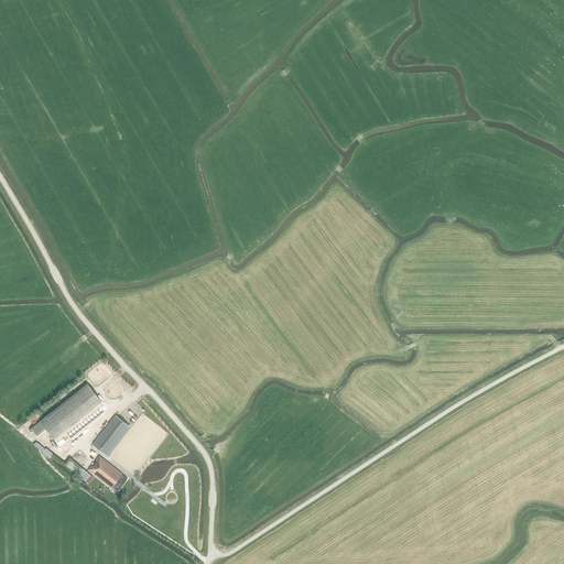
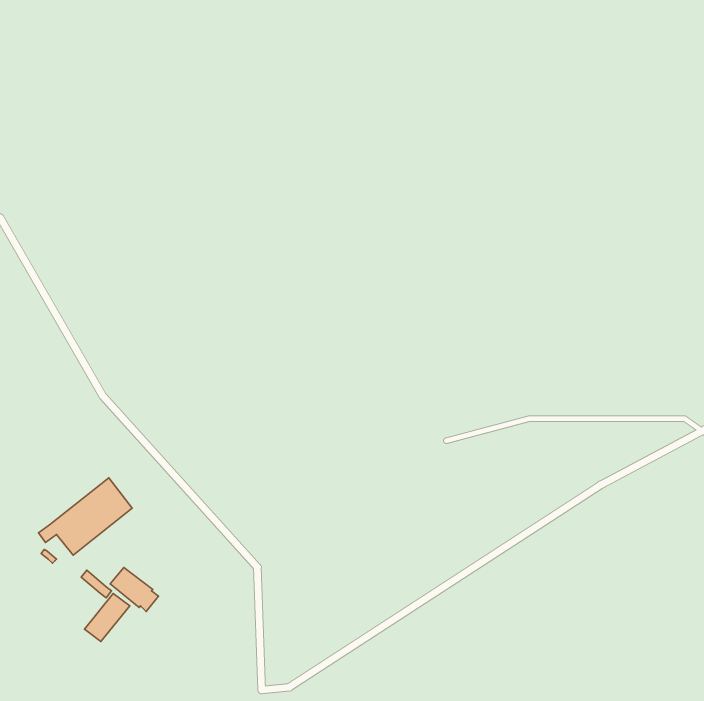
building: [93,414,129,453] -> [84,593,130,642]

